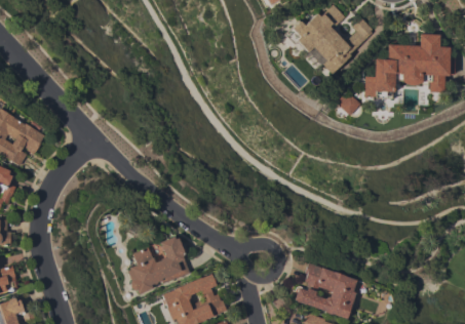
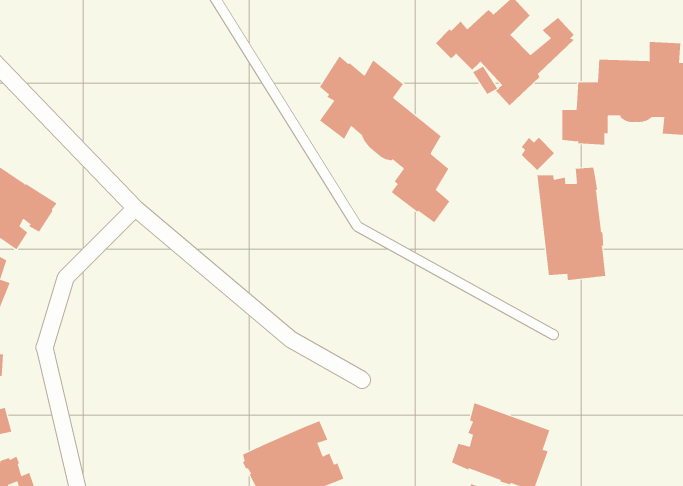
building: none -> [319,56,450,223]
building: none -> [537,167,606,281]
building: [127,236,190,294] -> none

